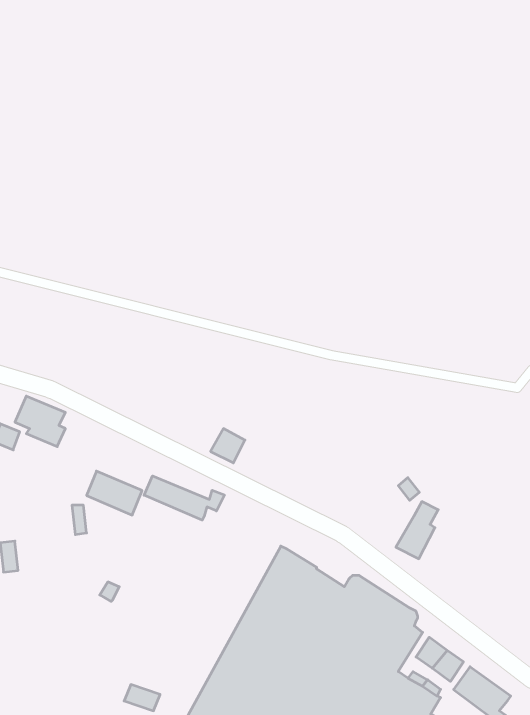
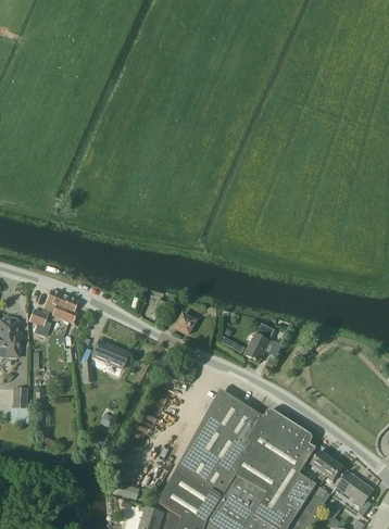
building: [144,476,224,520] -> none
building: [396,502,438,559] -> [243,324,272,362]

